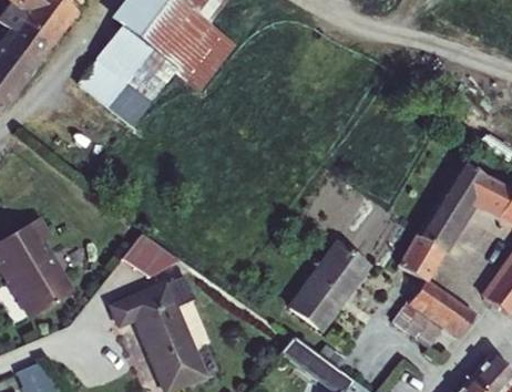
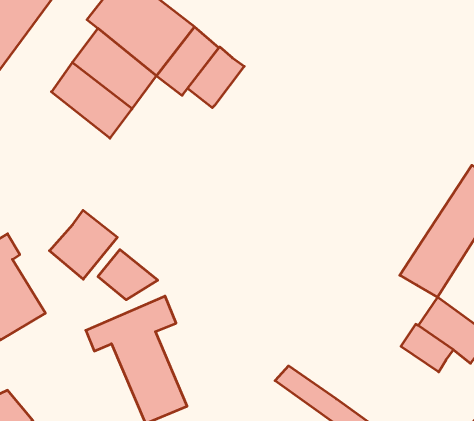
building: none -> [188,47,244,108]
building: none -> [49,210,117,279]
building: [291,245,368,330] -> none

